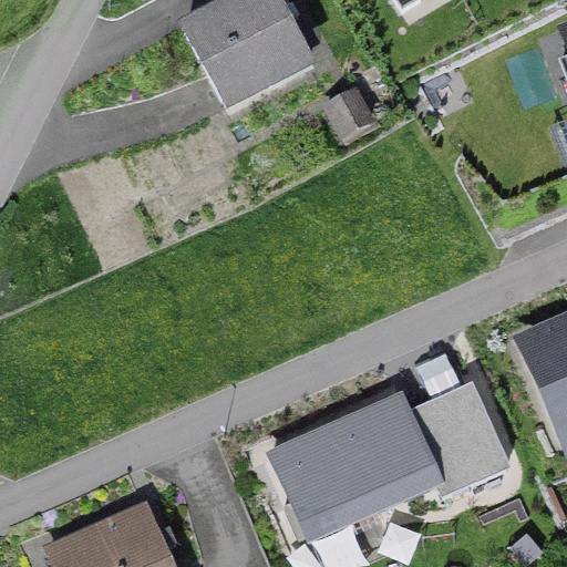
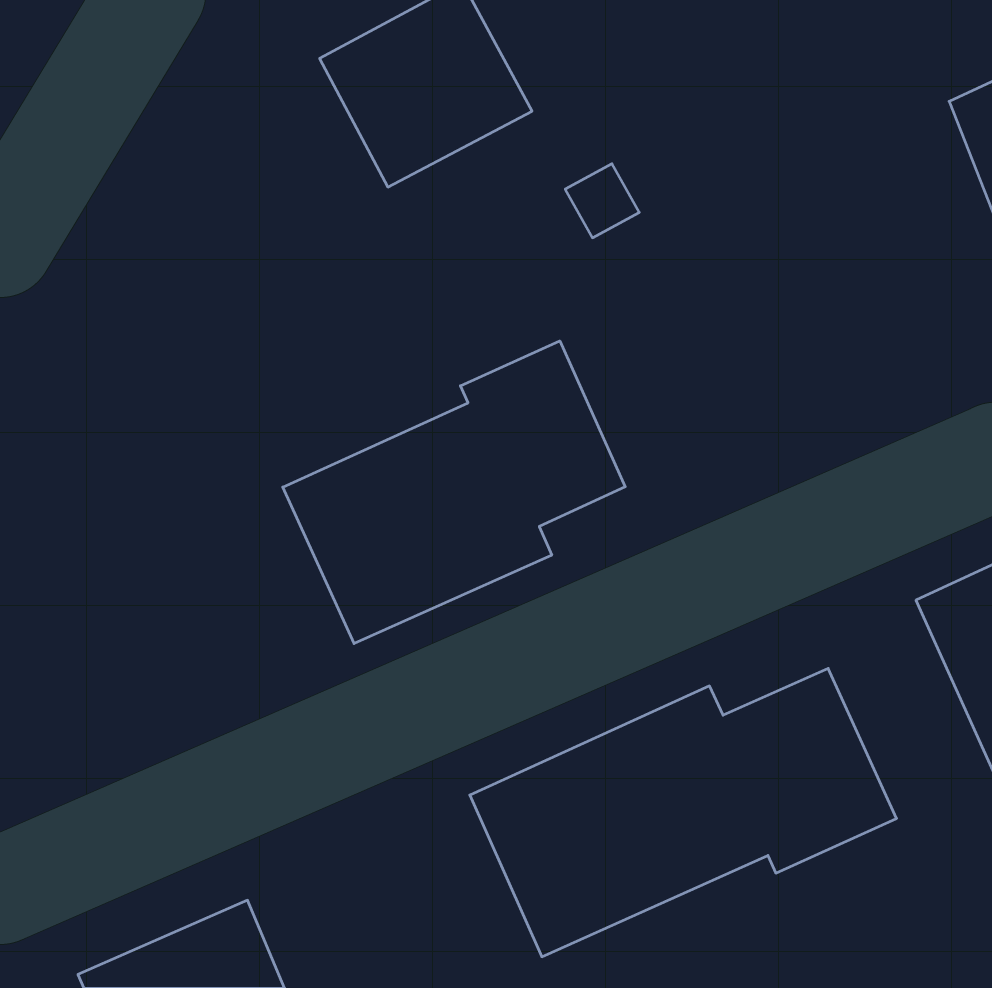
building: none -> [283,341,625,644]

